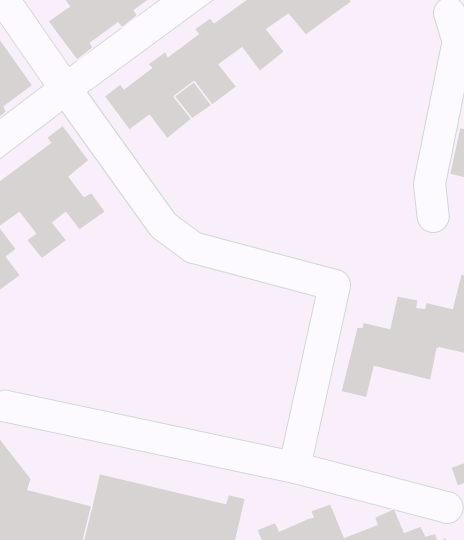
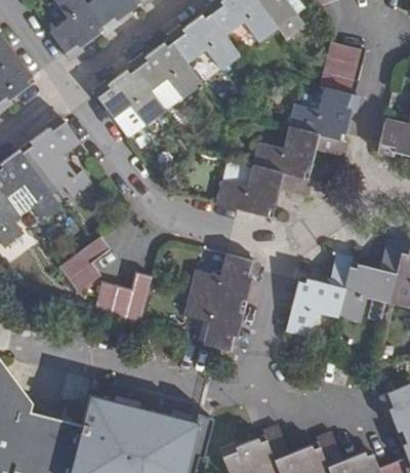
building: none -> [215,43,363,218]
building: none -> [57,236,109,293]
building: none -> [184,253,262,354]
building: none -> [93,271,152,328]

